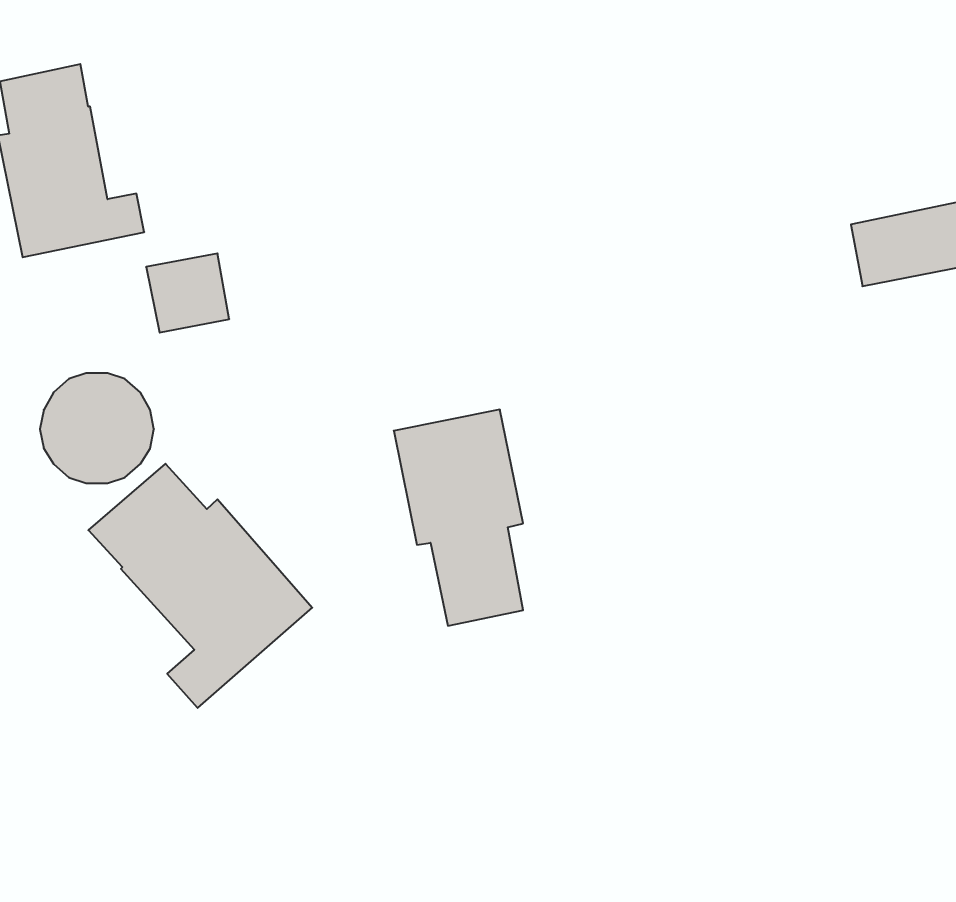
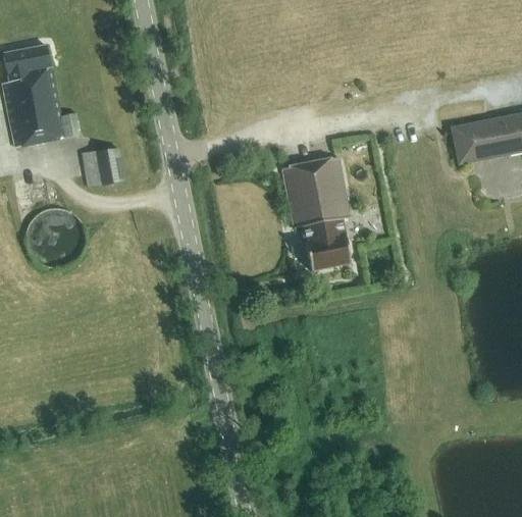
building: [394,410,523,626] -> [281,156,350,270]
building: [88,464,312,708] -> none

